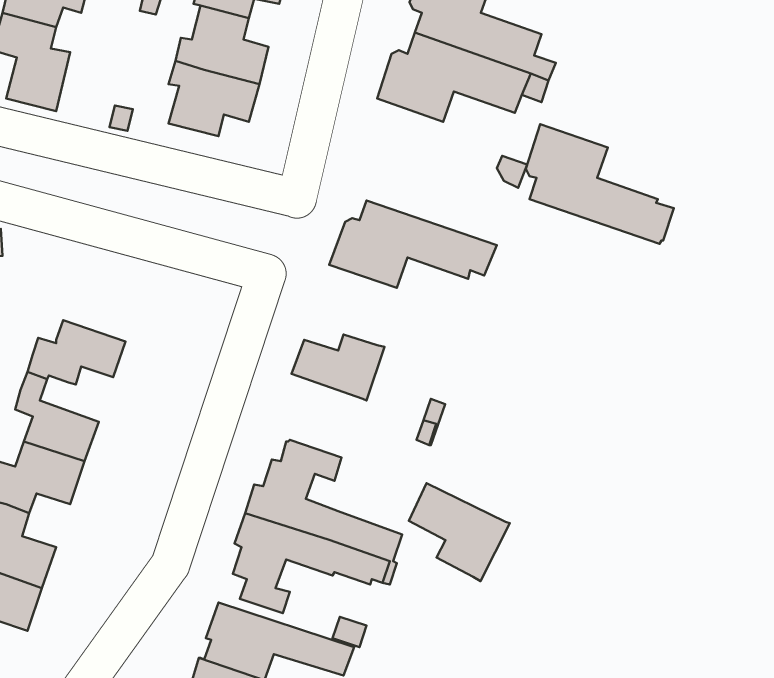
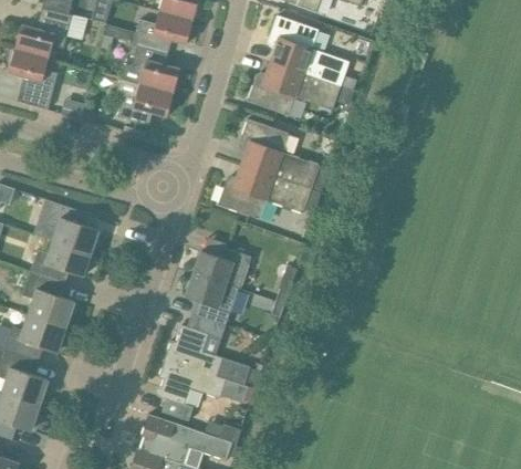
building: [526,124,674,244] -> [239,118,331,192]
building: none -> [34,202,100,252]
building: none -> [187,272,239,324]
building: [409,483,510,581] -> none

